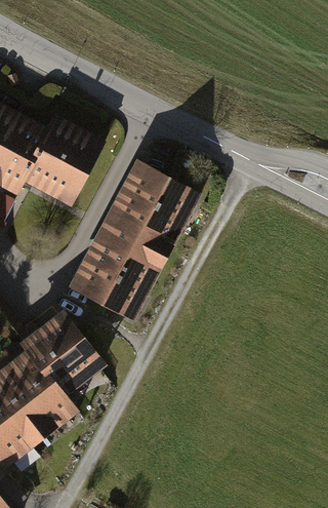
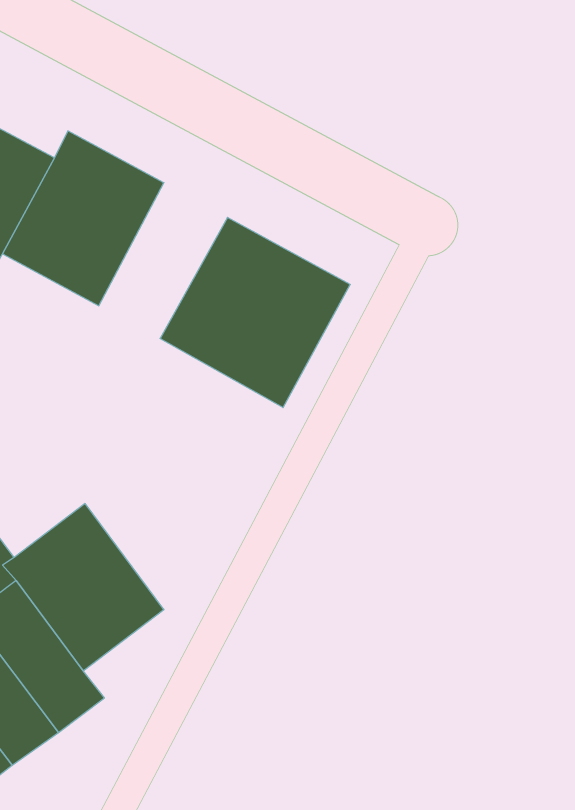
building: [70,223,168,318] -> none

